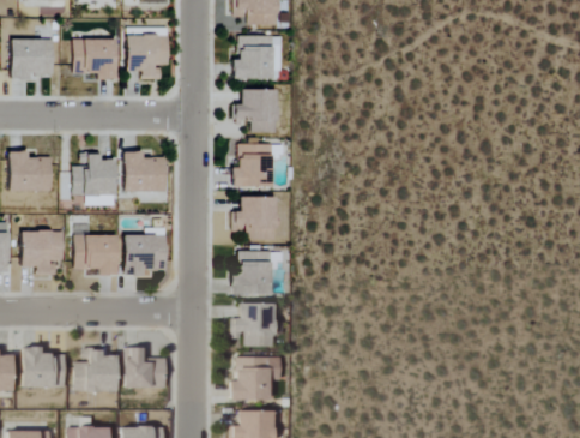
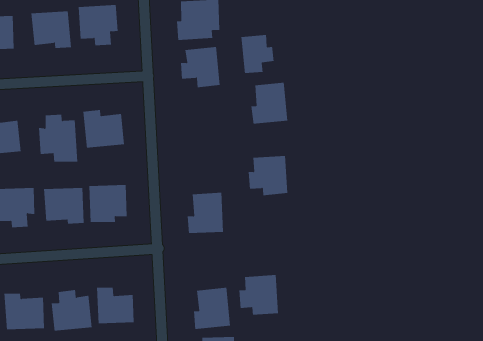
building: none -> [241,34,274,74]
building: [232,143,273,187] -> [250,82,288,124]
building: [234,197,277,240] -> [248,155,288,196]
building: [232,304,276,347] -> [238,275,279,315]

